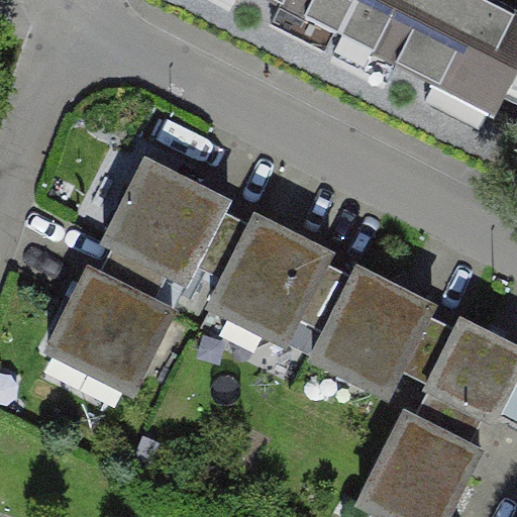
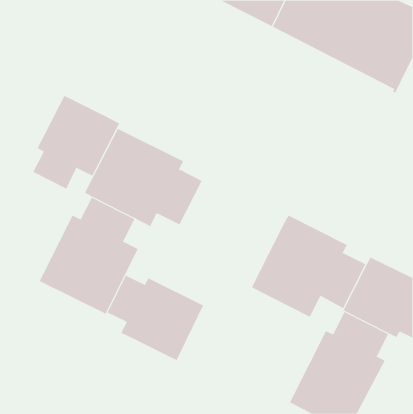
building: none -> [33,95,120,189]
building: [211,215,354,344] -> none
building: none -> [107,275,204,361]

